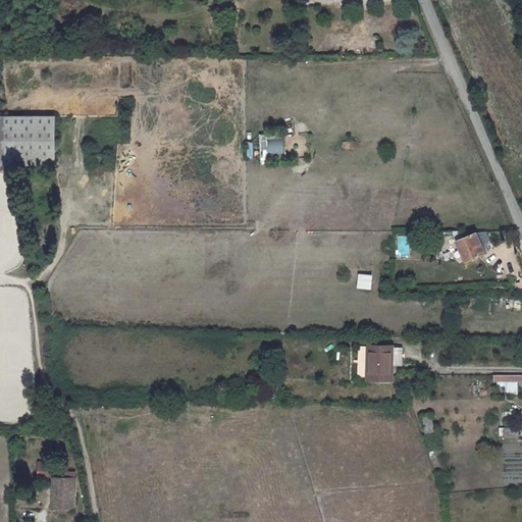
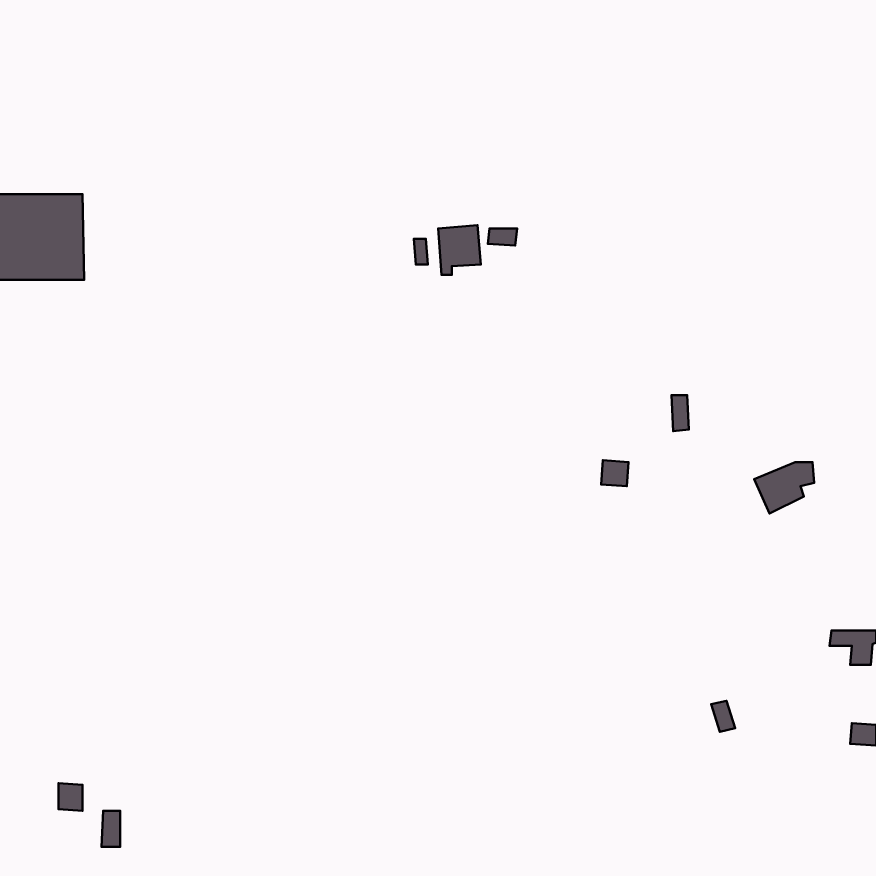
building: [451,232,486,263] -> [754,462,814,514]
building: [363,343,406,371] -> none

